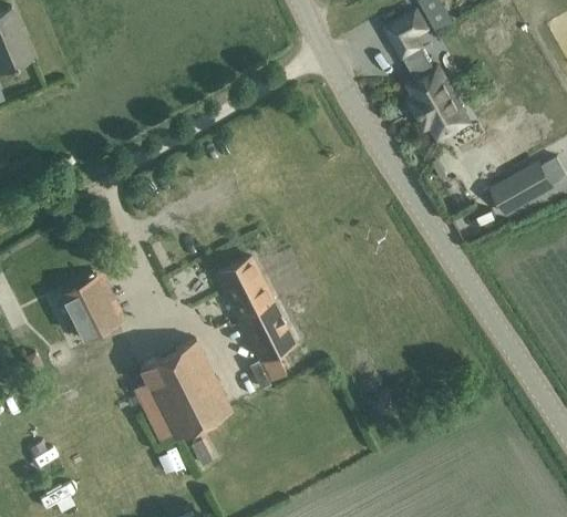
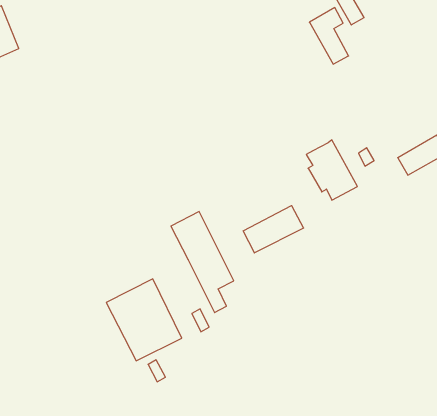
building: [408,65,470,138] -> [306,140,357,200]
building: none -> [243,206,304,253]
building: [65,276,120,338] -> none

